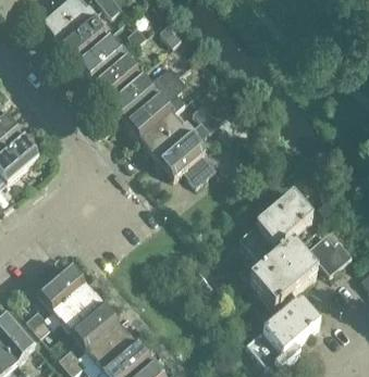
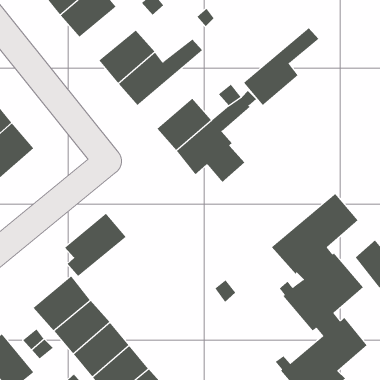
building: [76,36,124,81] -> none
building: [125,73,189,139] -> [243,27,319,106]
building: none -> [64,213,126,277]

